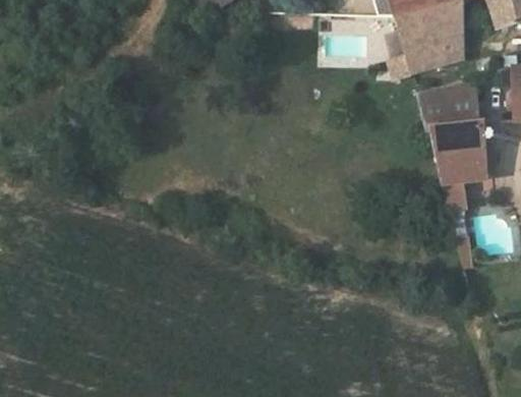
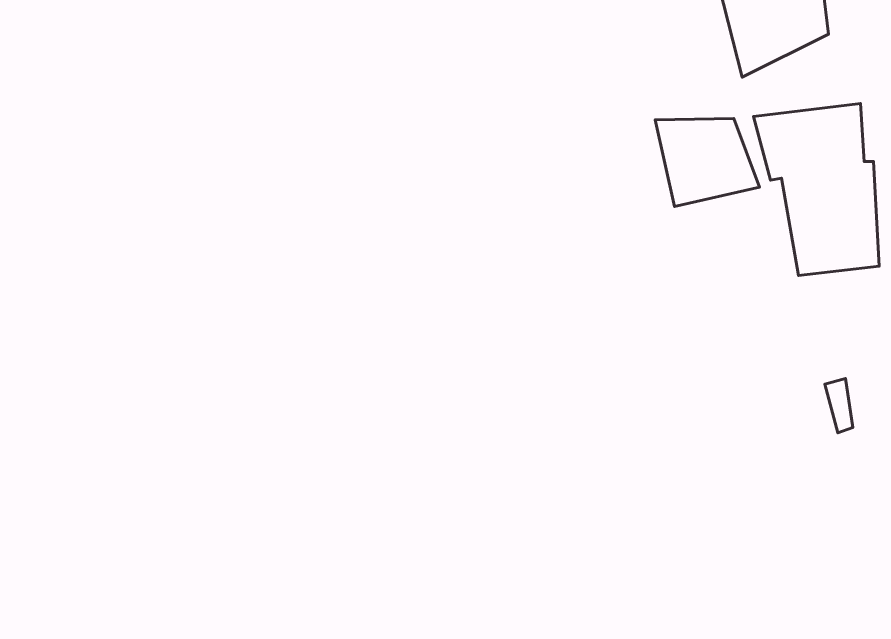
building: none -> [655,119,760,206]

